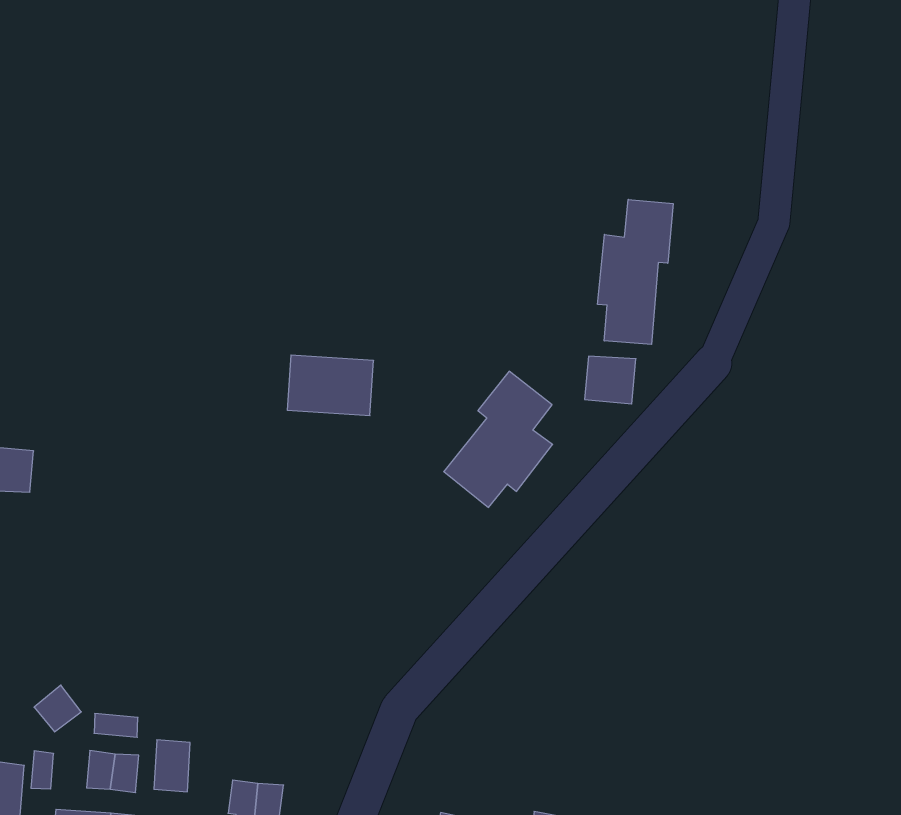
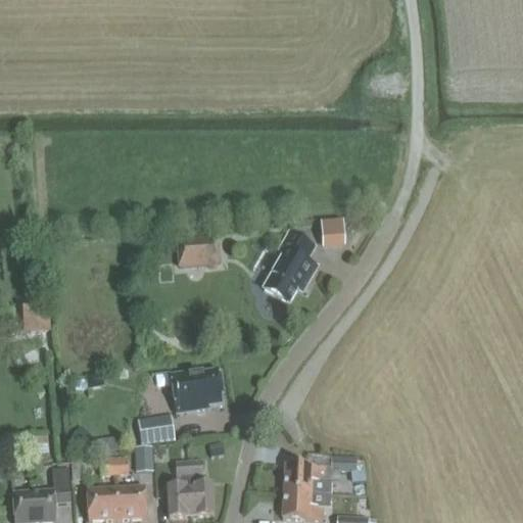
building: [598,199,673,344] -> none
building: none -> [170,370,223,413]
building: none -> [137,414,175,444]

